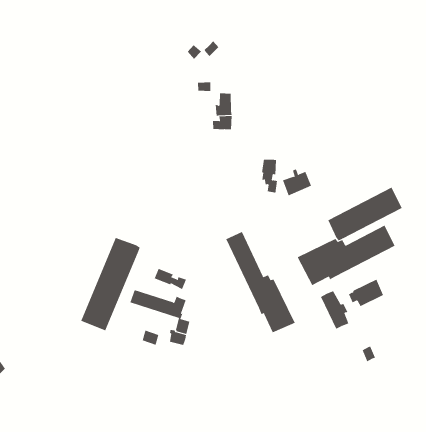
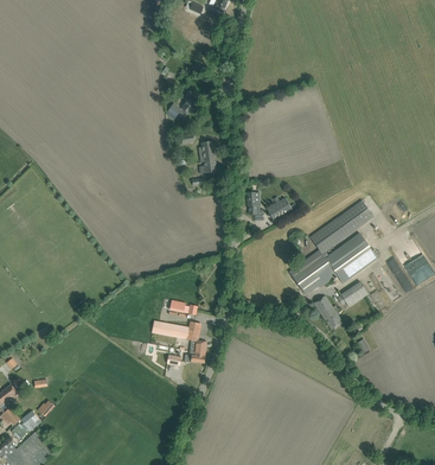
building: [226,231,295,333] -> none
building: [81,237,140,331] -> none

